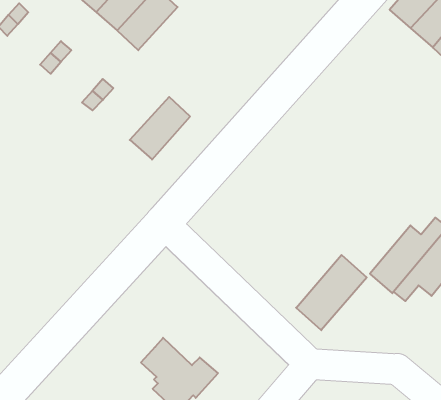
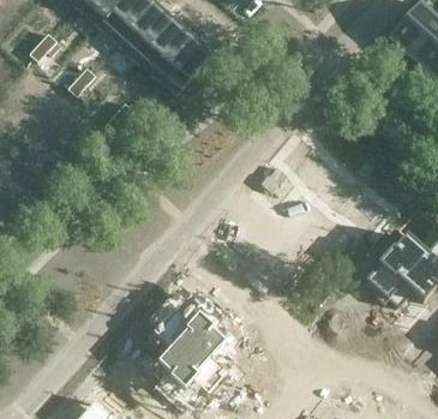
building: [130,97,190,160] -> [155,35,210,92]
building: [296,255,367,330] -> none
building: none -> [154,297,224,364]

